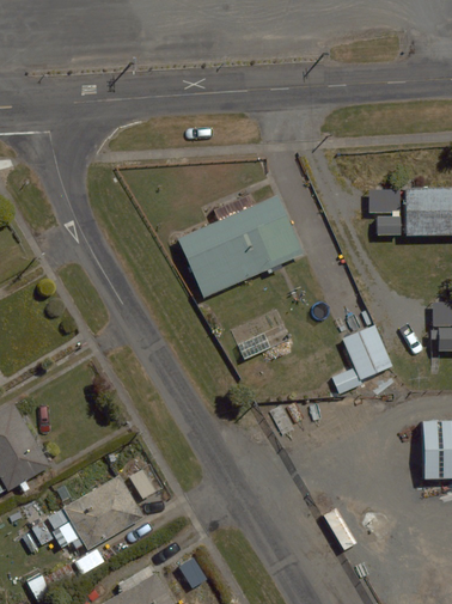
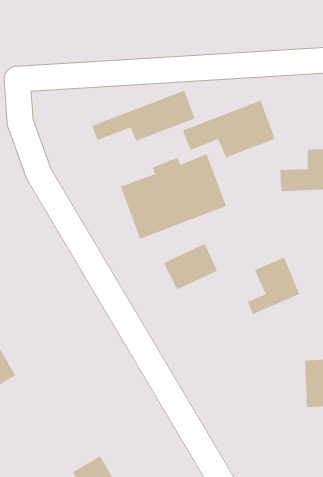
building: none -> [91,90,195,141]
building: none -> [182,100,275,158]
building: [47,470,146,547] -> none

